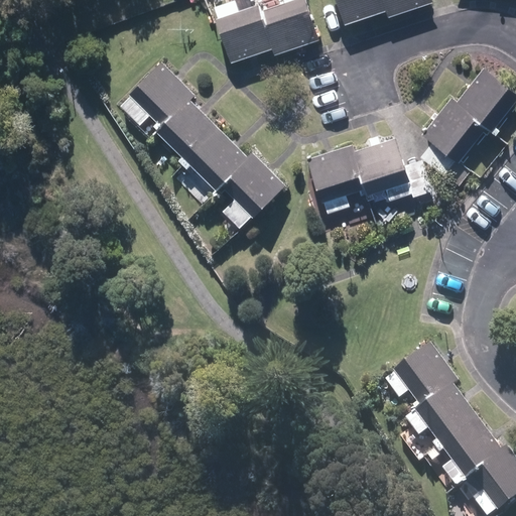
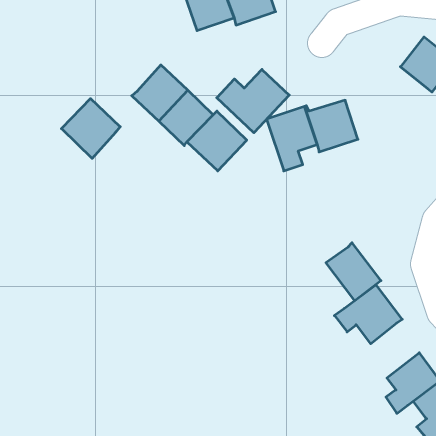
building: [129,61,195,128] -> [61,99,120,158]
building: [422,97,487,162] -> none
building: none -> [217,69,289,133]
building: none -> [326,243,381,301]
building: [416,386,478,447] -> none

